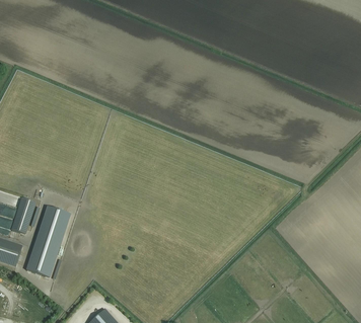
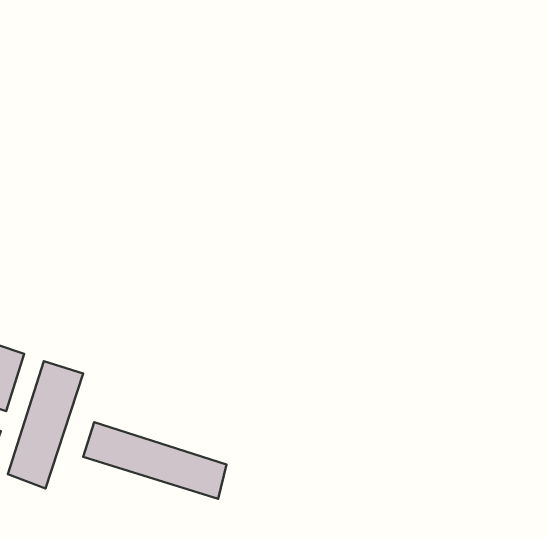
building: none -> [83,422,226,499]

